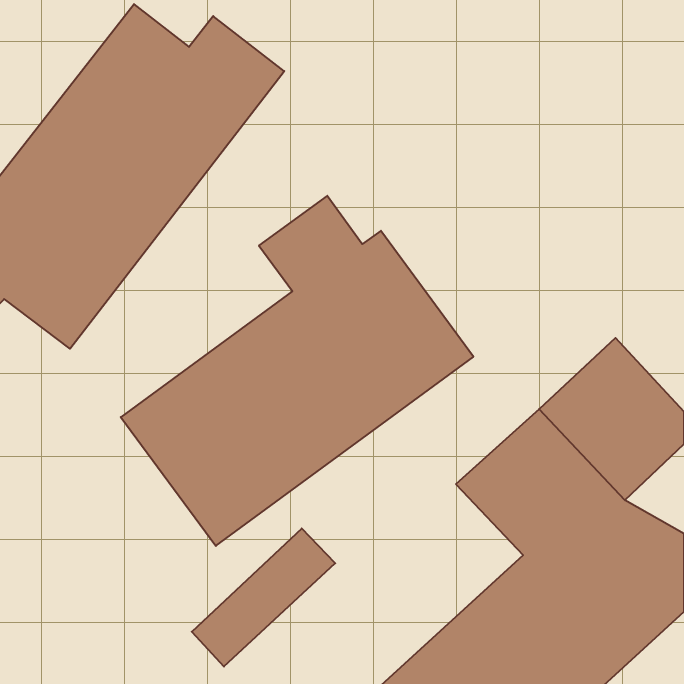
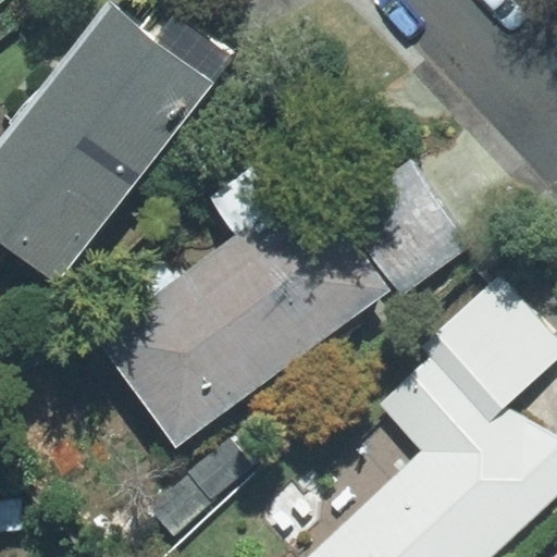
building: none -> [338,163,469,297]

